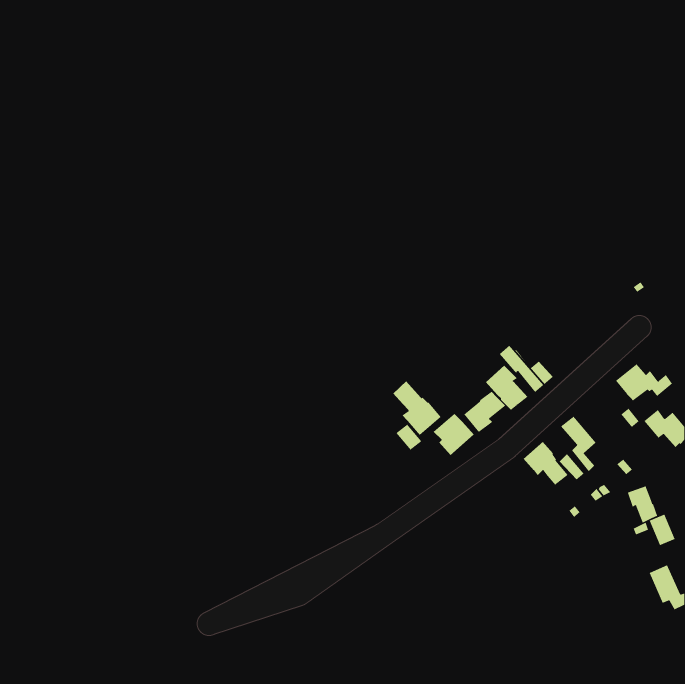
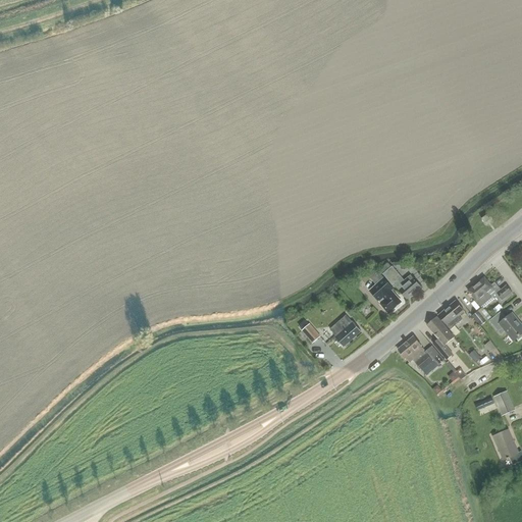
building: [392,381,442,436] -> none
building: [463,391,506,433] -> none
building: none -> [438,300,464,329]
building: [627,485,658,524] -> none

